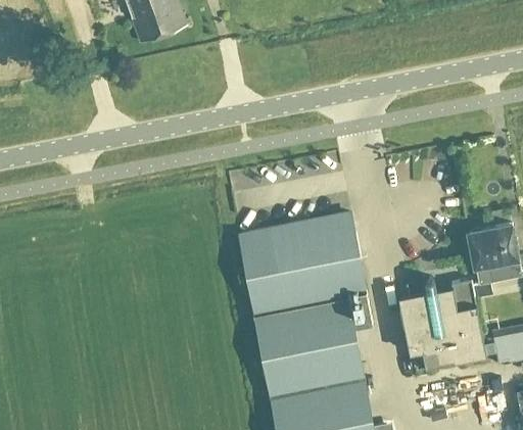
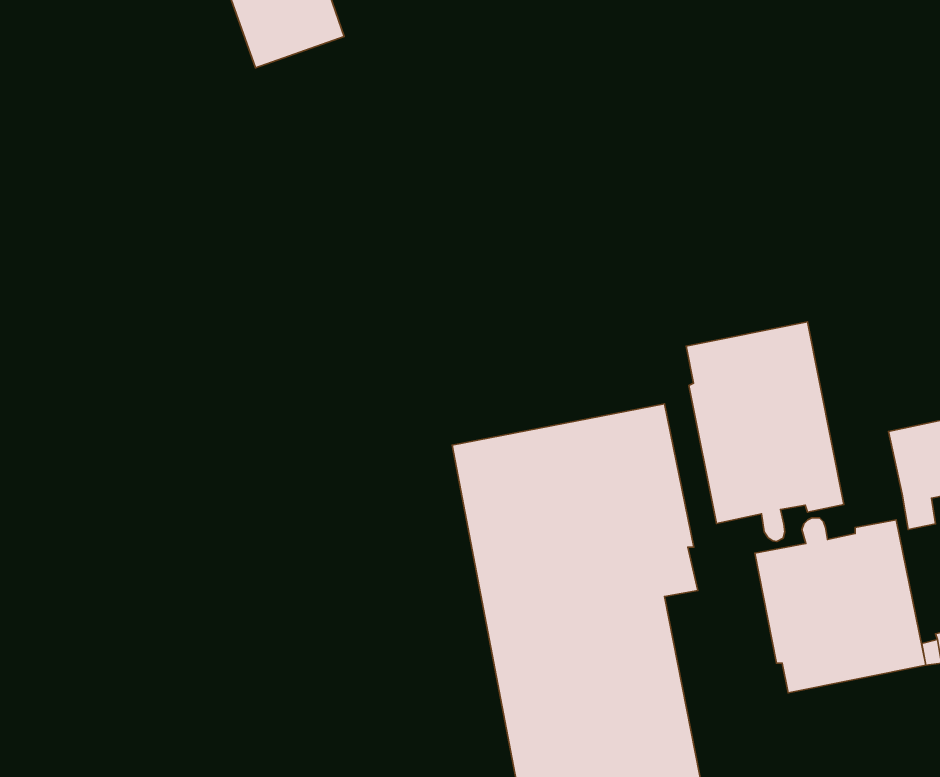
building: none -> [686,322,844,541]

